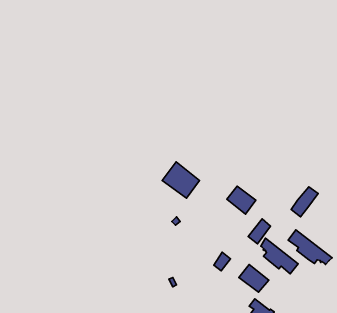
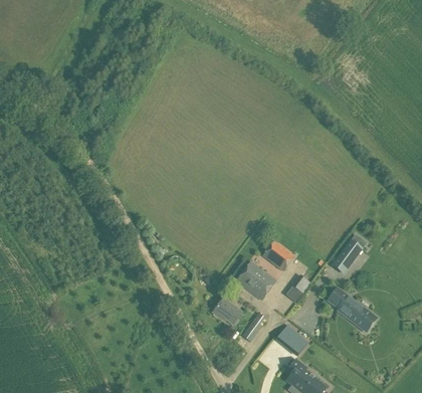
building: [162,162,200,198] -> [235,260,275,300]
building: [261,238,298,274] -> none
building: none -> [212,298,241,324]

